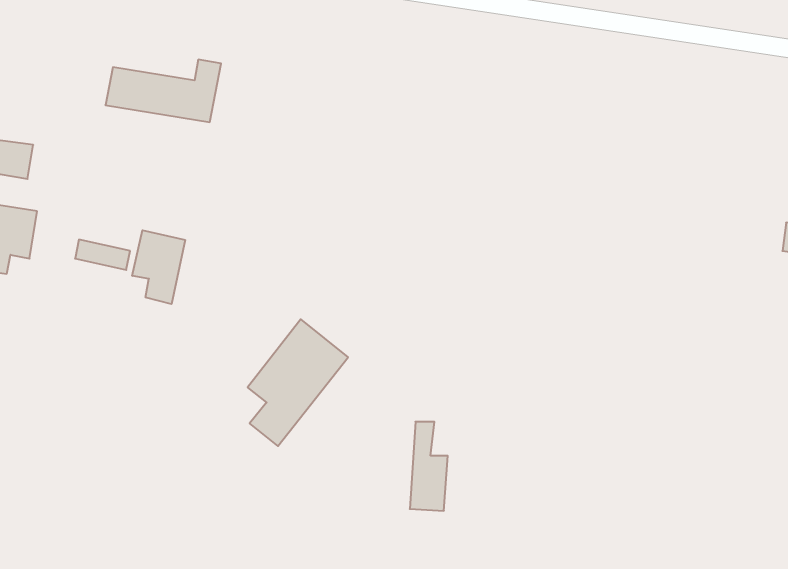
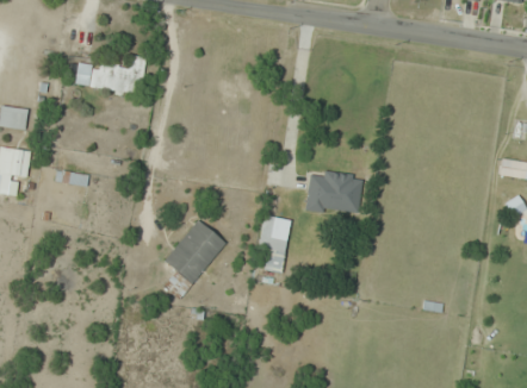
building: [132,230,185,304] -> none
building: none -> [304,169,362,215]
building: [410,422,448,511] -> [261,215,285,271]

